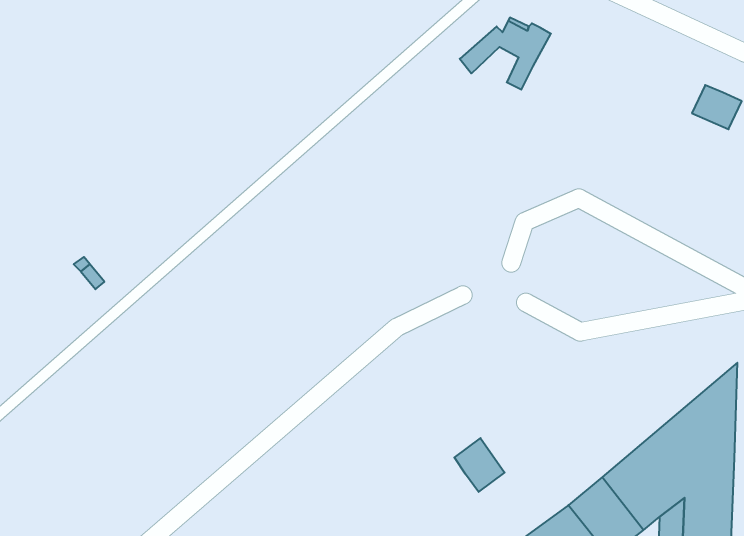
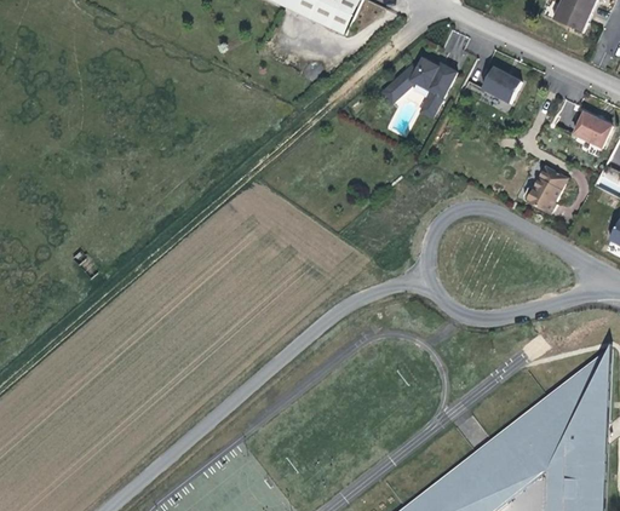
building: none -> [481,65,521,102]
building: none -> [527,165,569,216]
building: [454,438,505,492] -> none

